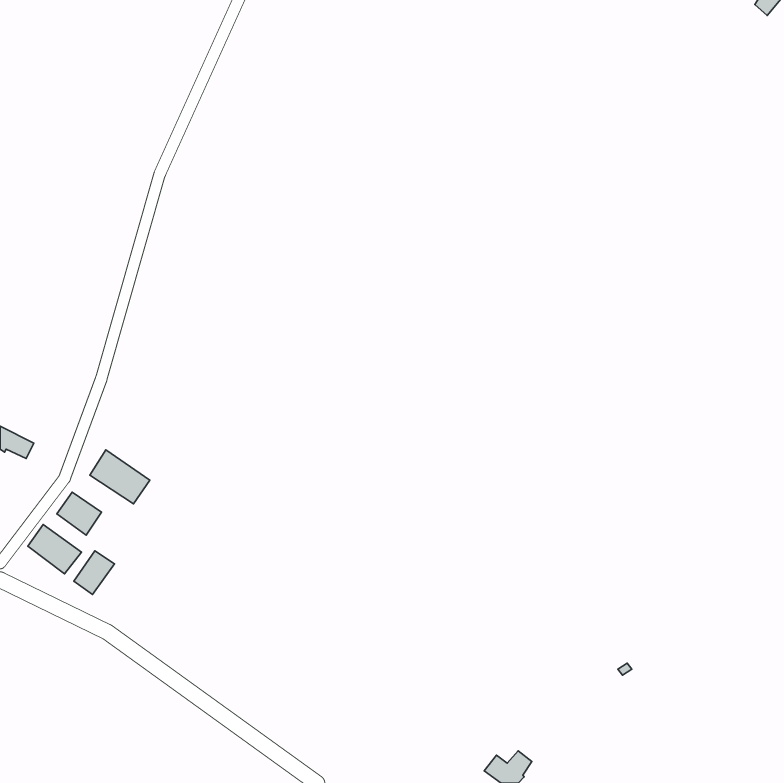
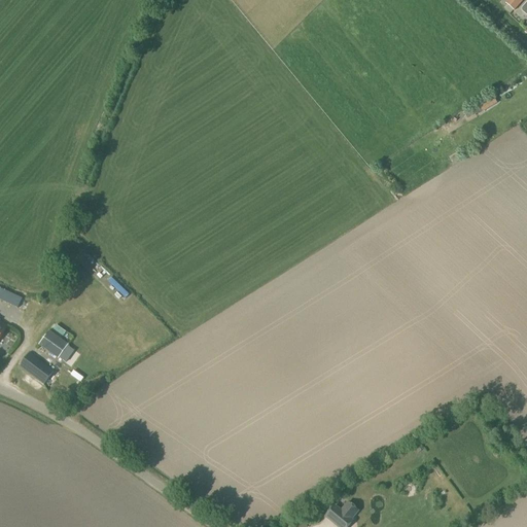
building: [90,450,150,504] -> none
building: [74,551,114,595] -> none

